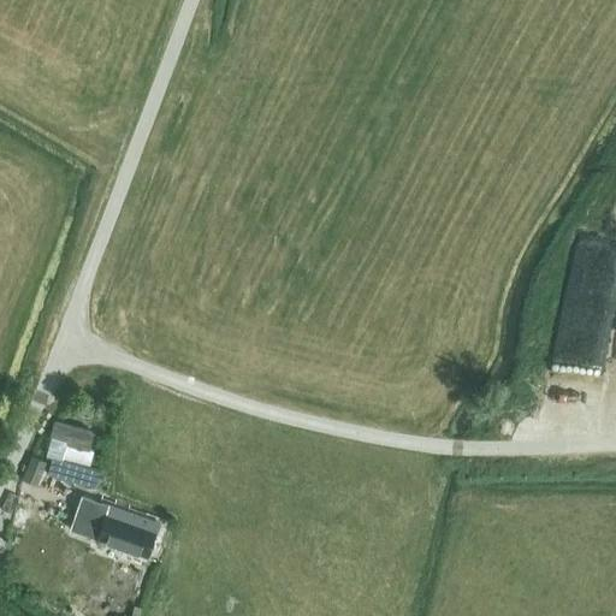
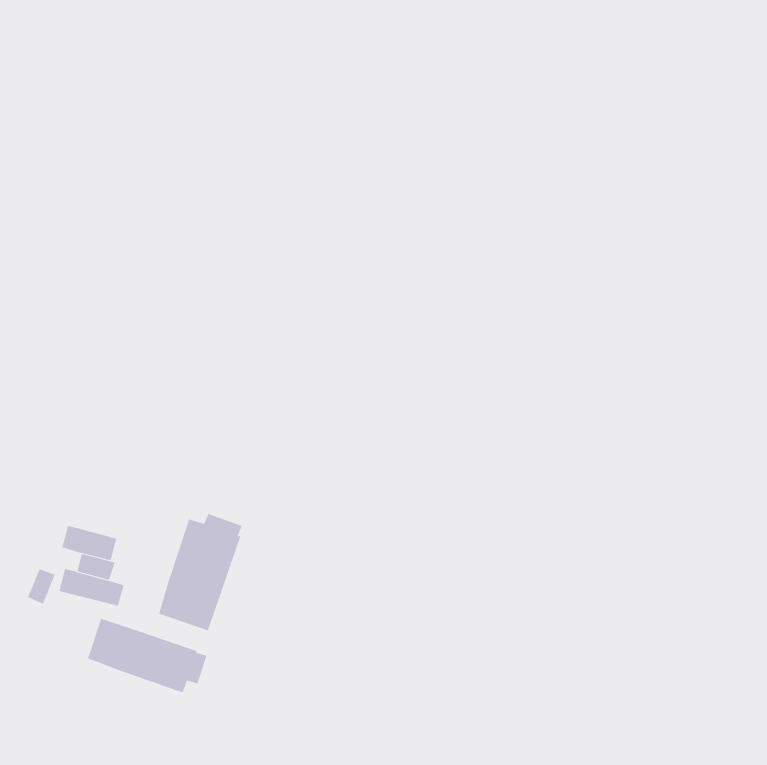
building: none -> [158,513,243,631]

